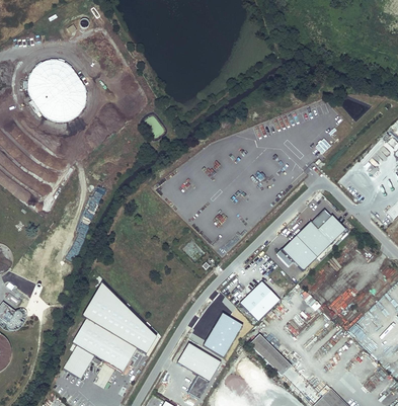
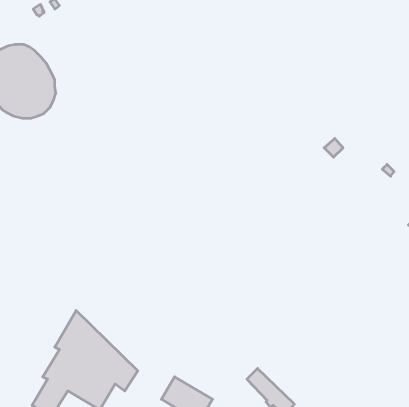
building: [272,207,342,268] -> none
building: [239,281,278,321] -> none
building: [204,314,241,357] -> none

